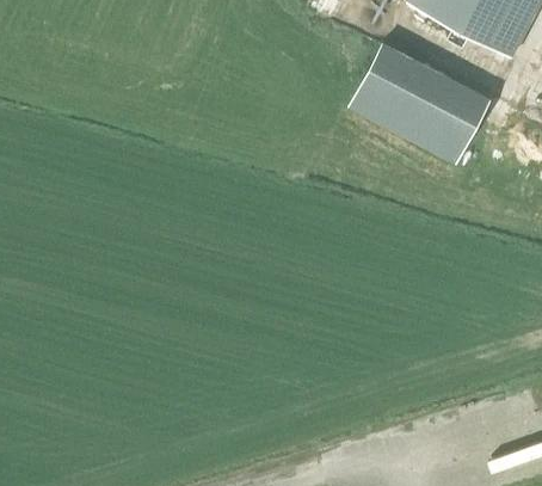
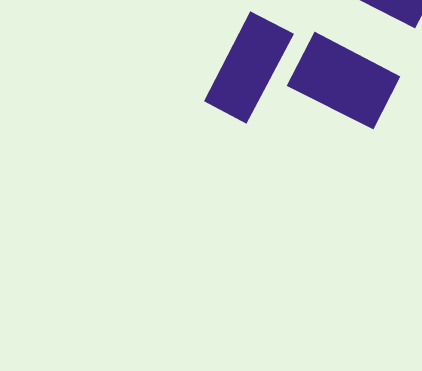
building: none -> [203,10,295,125]

